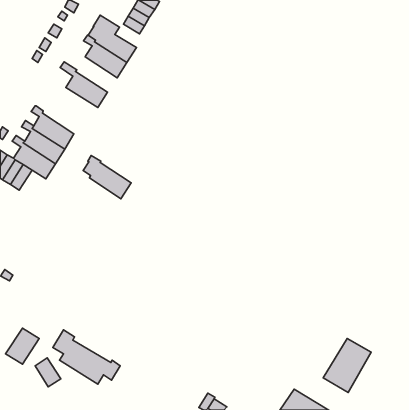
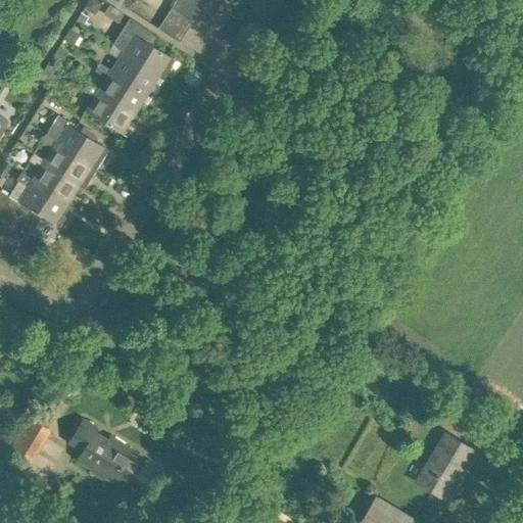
building: none -> [96,63,150,117]
building: [83,155,131,199] -> [47,115,108,171]

